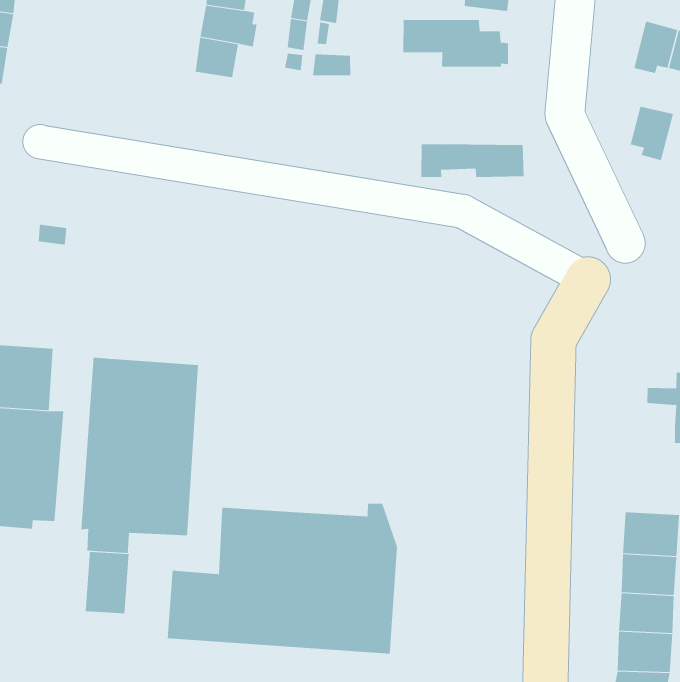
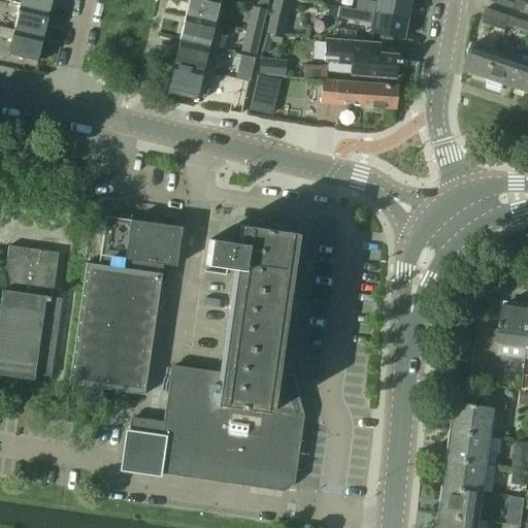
building: none -> [170,63,203,95]
building: none -> [251,74,282,113]
building: [630,106,674,161] -> [468,44,501,85]
building: [421,144,524,177] -> [323,78,398,107]
building: none -> [206,225,297,390]
building: none -> [100,216,183,272]
building: [85,551,129,614] -> none

